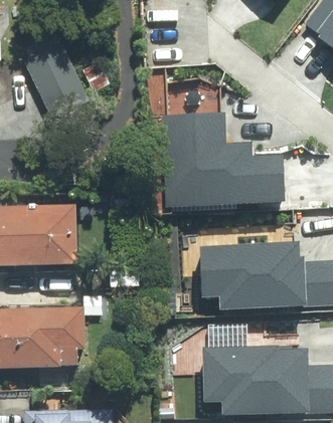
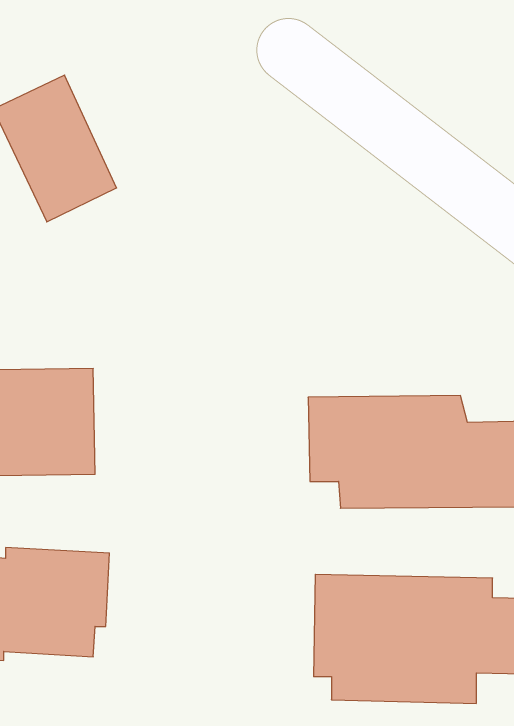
building: [164,110,288,212] -> none

